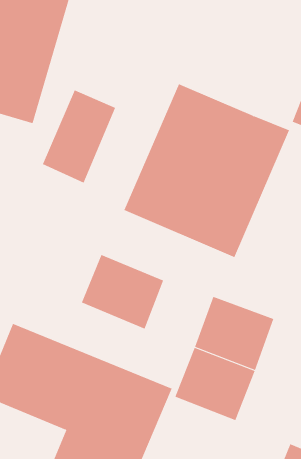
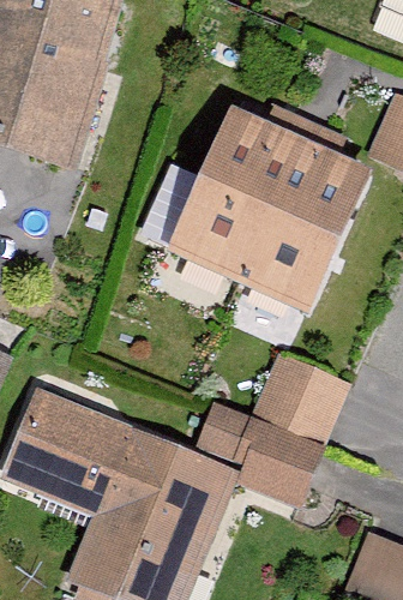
building: [42,89,116,183] -> none
building: [81,254,164,330] -> none

